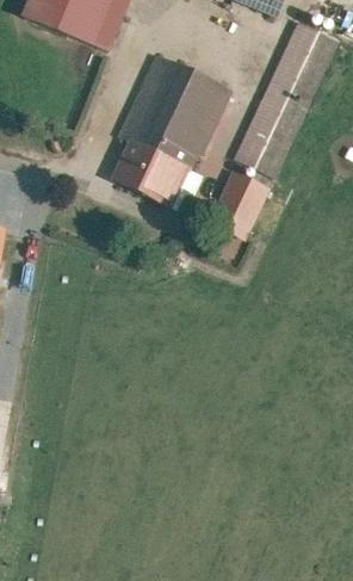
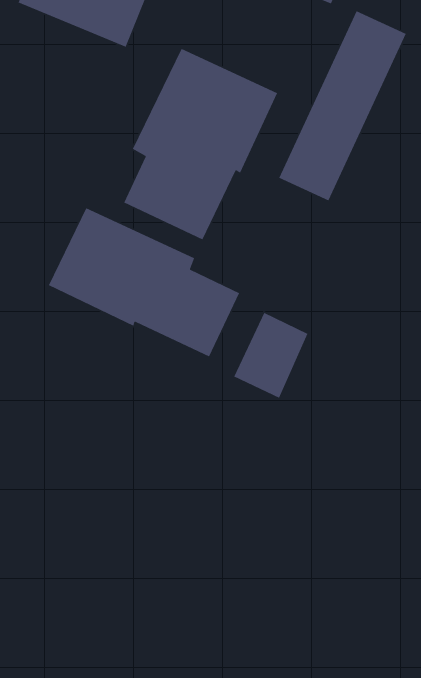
building: [209,167,271,239] -> [233,312,309,399]
building: none -> [48,207,240,357]

